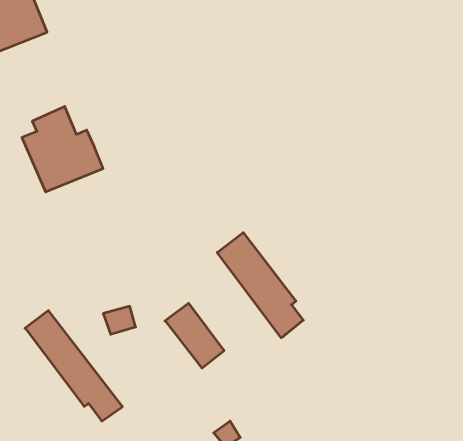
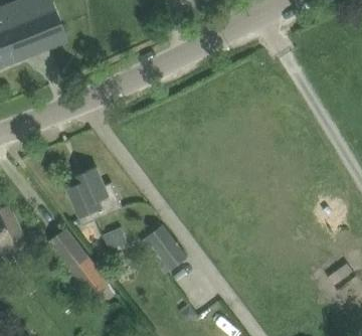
building: [22,106,103,192] -> [67,167,123,225]
building: [217,233,303,338] -> none

